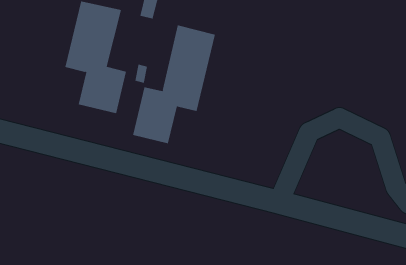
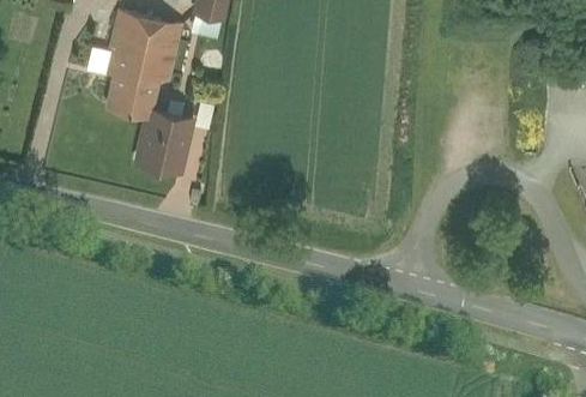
building: [132,24,215,144] -> none

